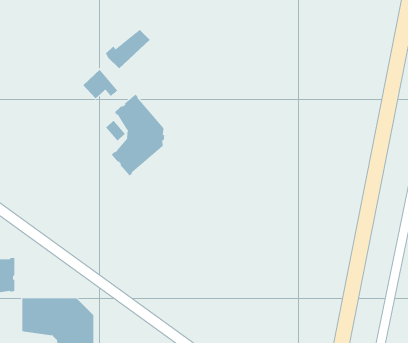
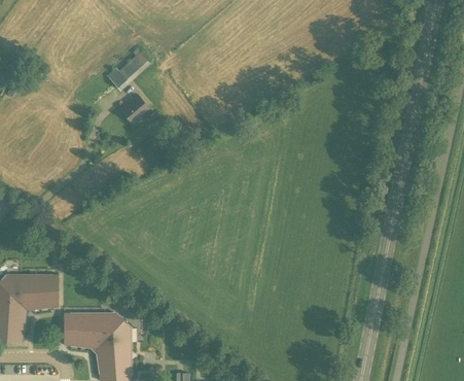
building: [105,29,151,69] -> [107,53,150,91]
building: [110,93,165,177] -> none

